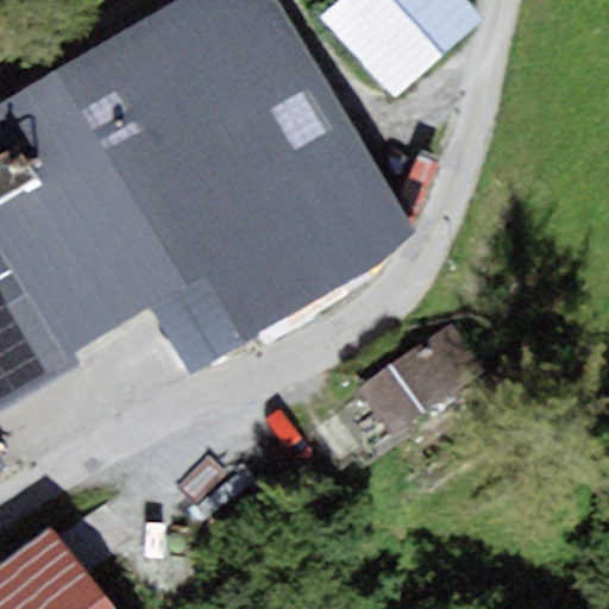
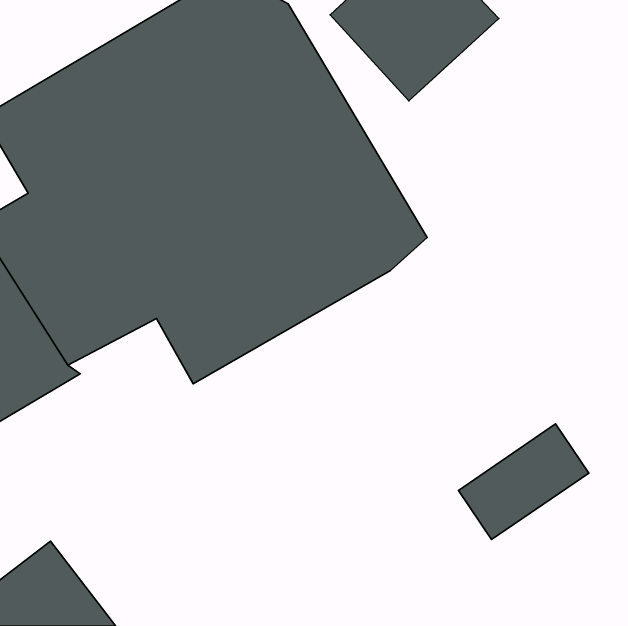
building: [356,325,482,437] -> [458,424,589,540]

